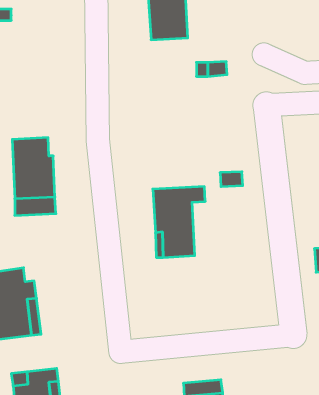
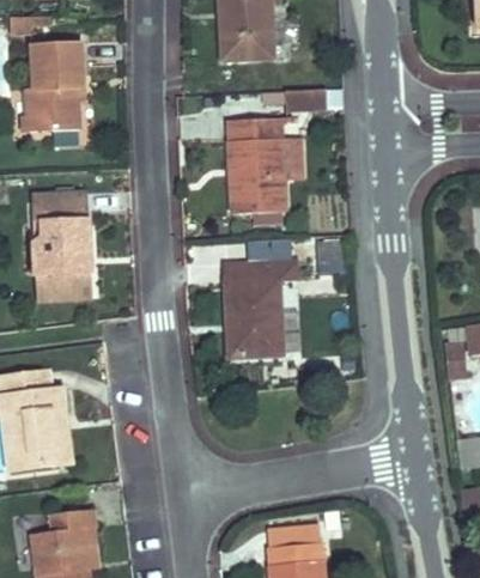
building: none -> [28,42,83,132]
building: none -> [229,118,303,214]

